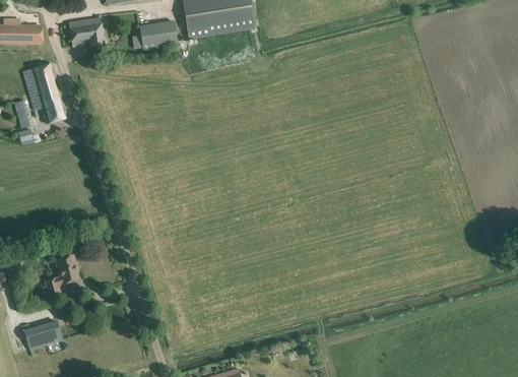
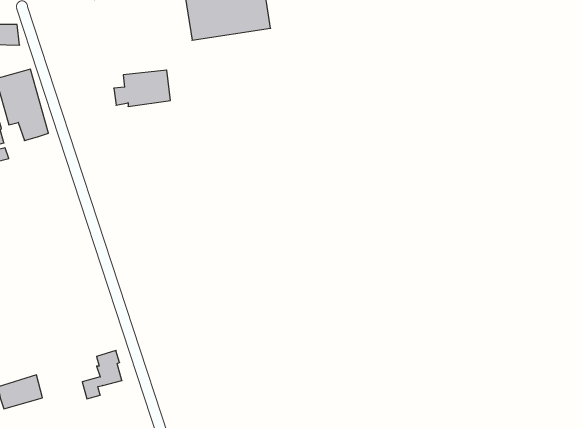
building: [69,19,104,48] -> none
building: [132,19,180,50] -> [114,70,170,106]
building: [45,254,78,295] -> [82,350,122,399]

